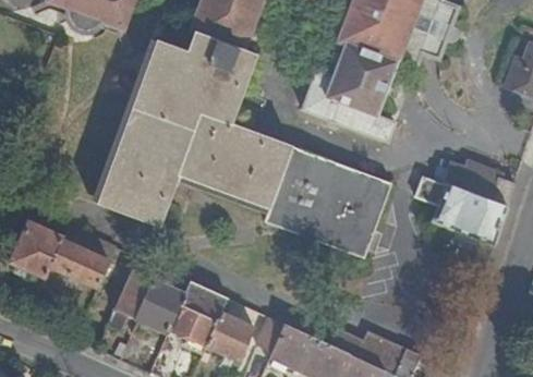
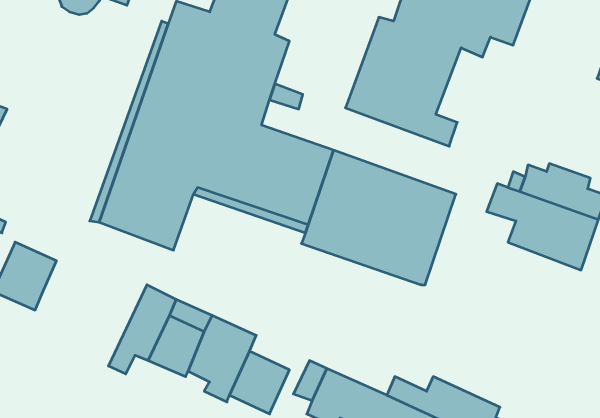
building: [52,224,118,285] -> none

